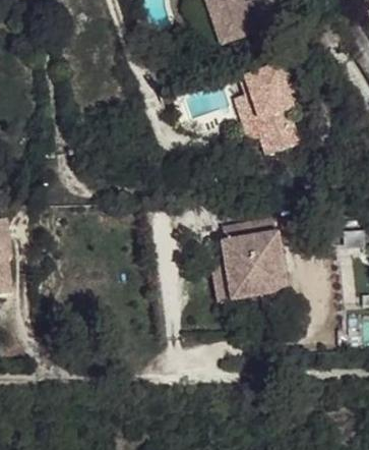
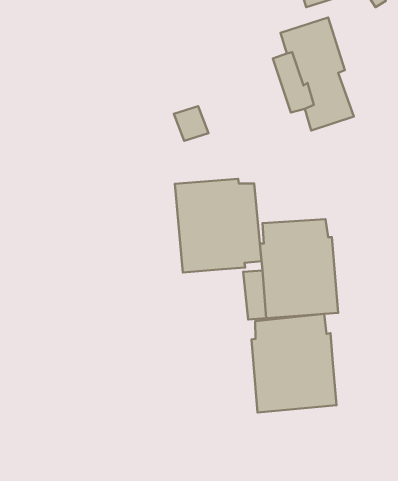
building: none -> [175,179,262,273]
building: none -> [251,314,337,413]

